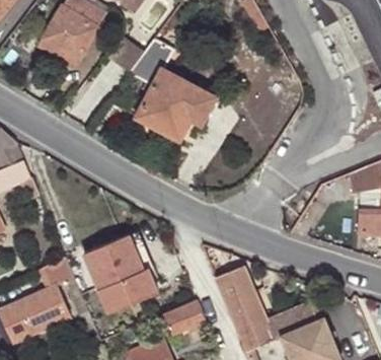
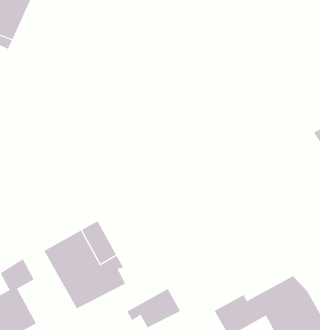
building: [129,40,215,141] -> none
building: [217,267,264,327] -> none

